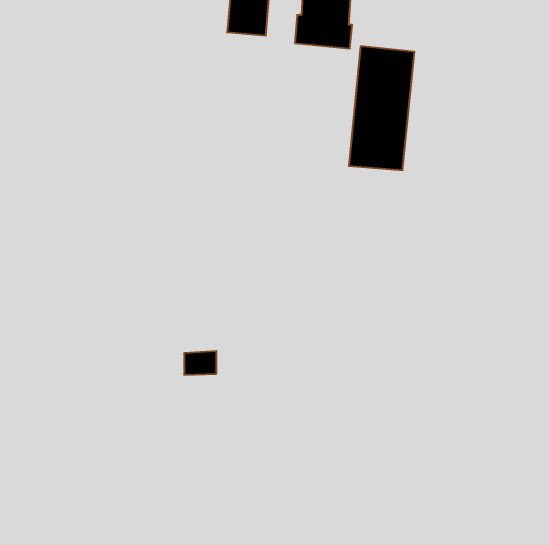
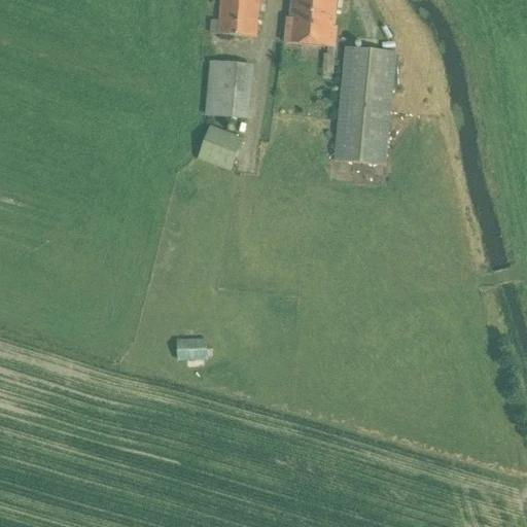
building: none -> [204,58,253,117]
building: none -> [197,124,242,169]

